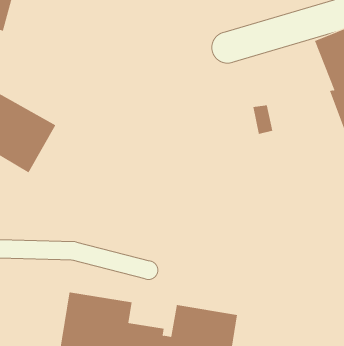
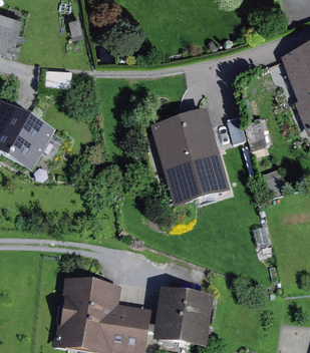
building: none -> [150,108,229,206]

